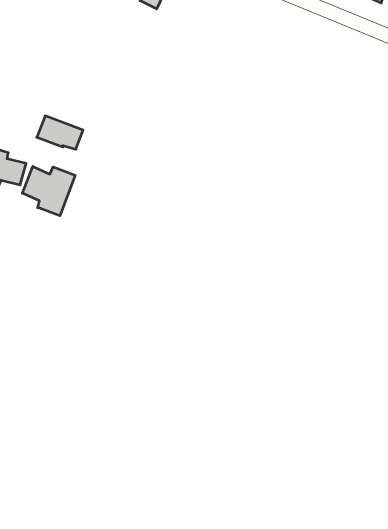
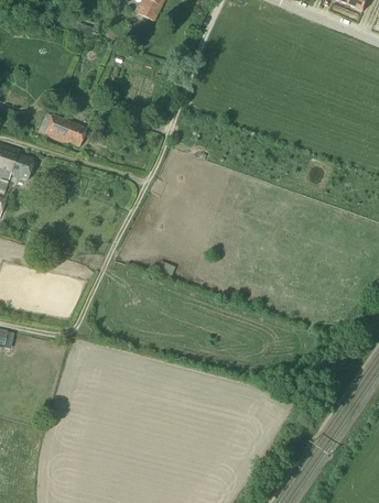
building: [22,166,75,216] -> none

